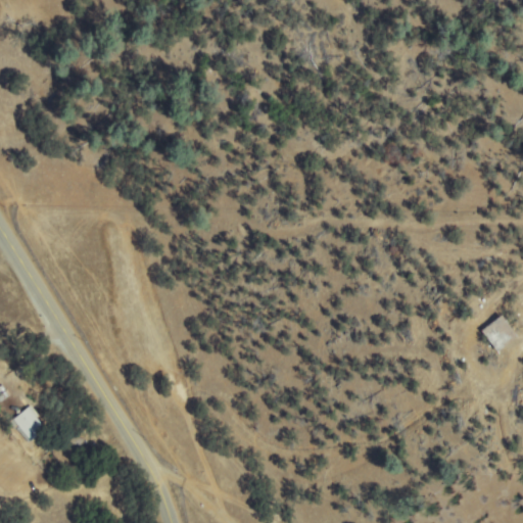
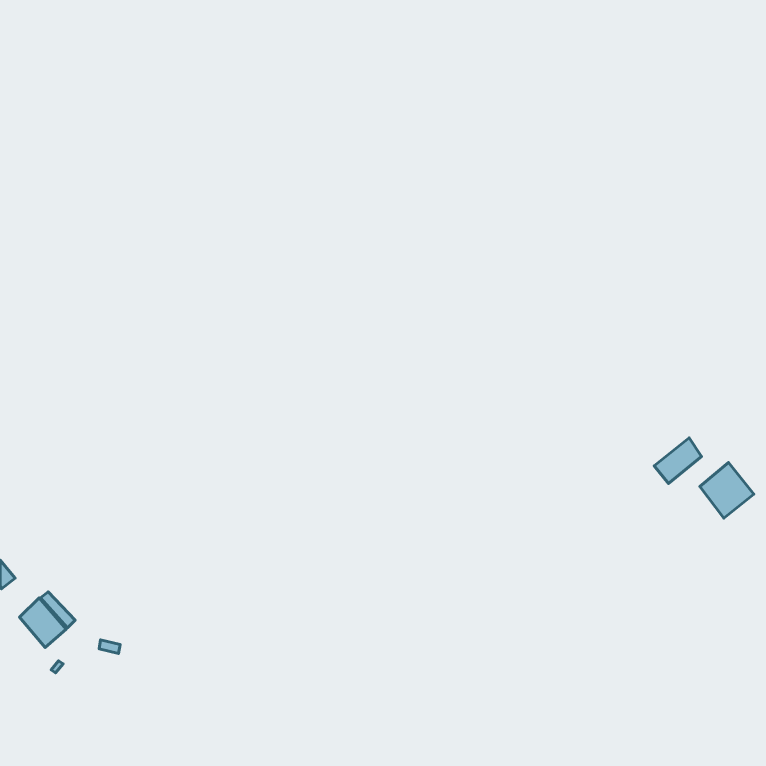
building: none -> [654,438,701,483]

